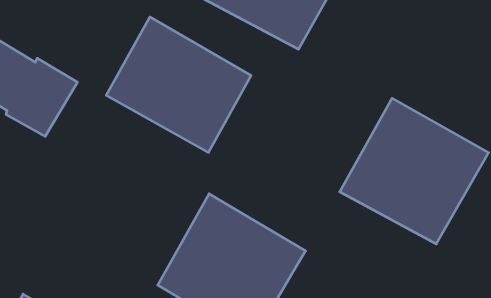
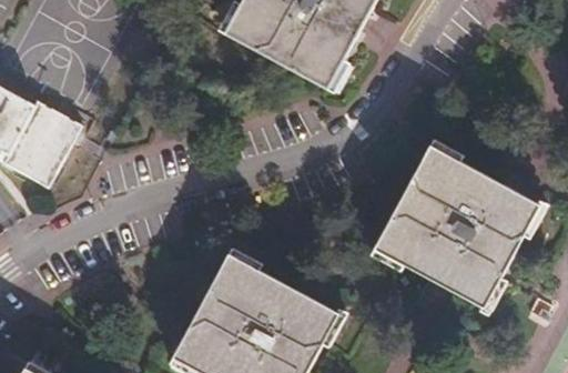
building: [106,17,251,152] -> none

